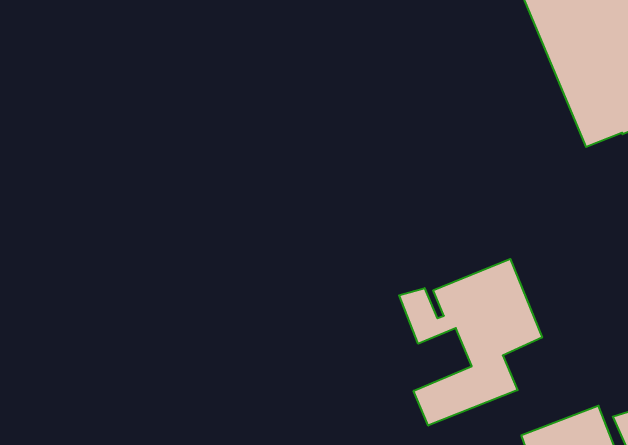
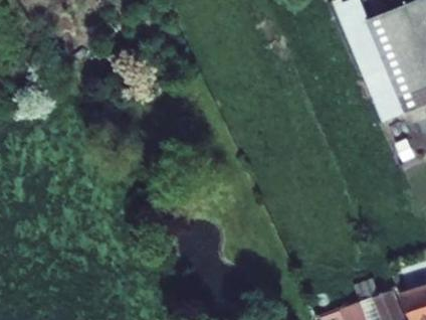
building: [399,259,542,426] -> none

